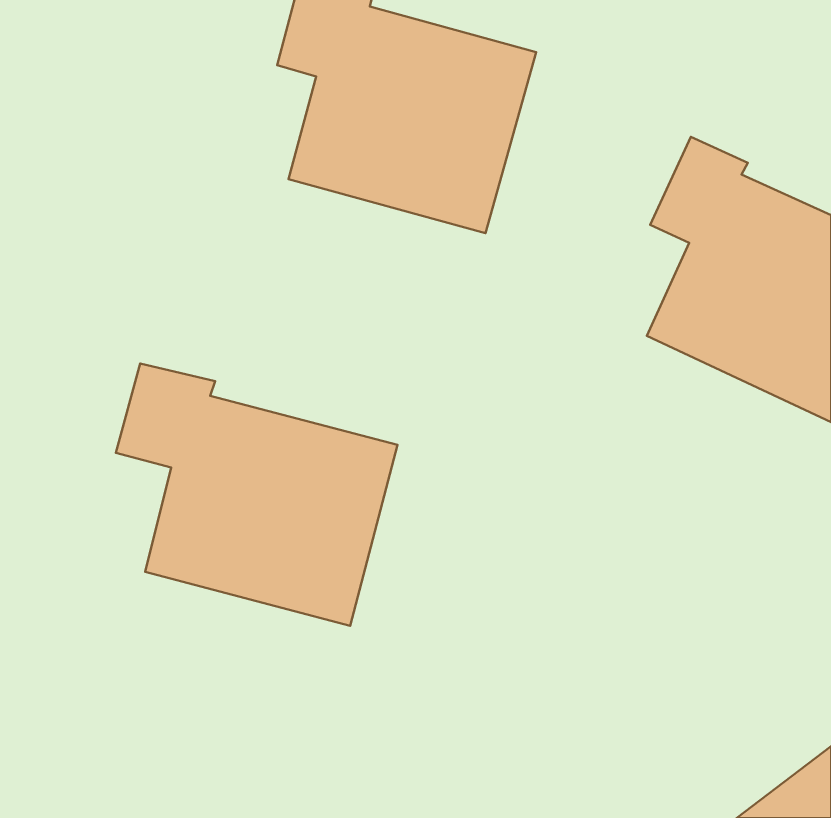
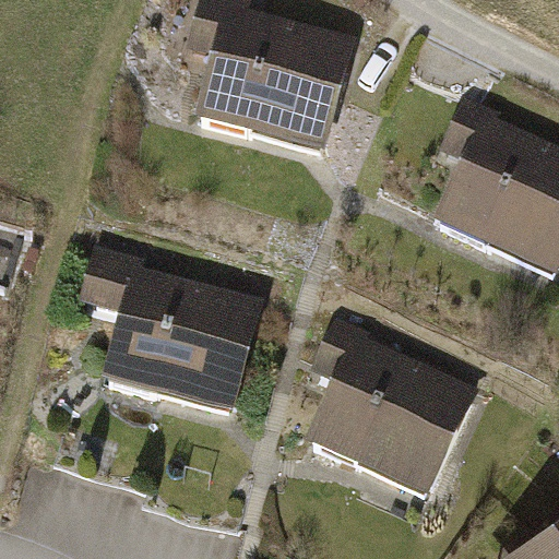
building: none -> [302,313,480,501]

